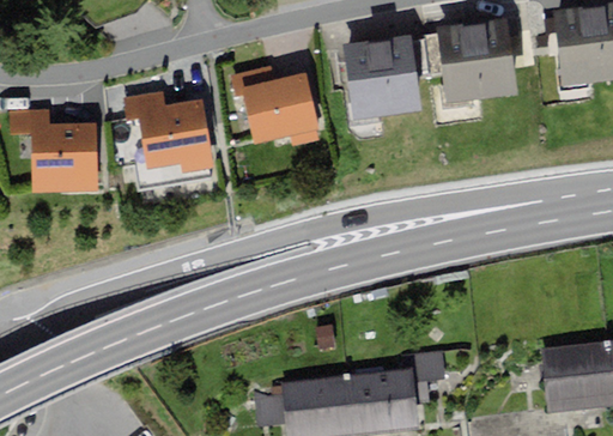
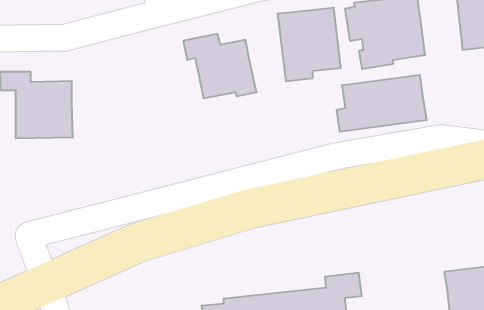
building: [115,91,212,189] -> none
building: none -> [337,75,427,132]

